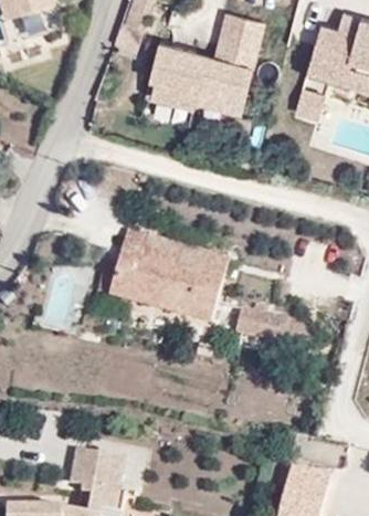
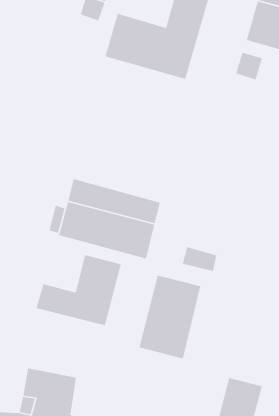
building: none -> [36,254,122,326]
building: none -> [139,275,201,359]

